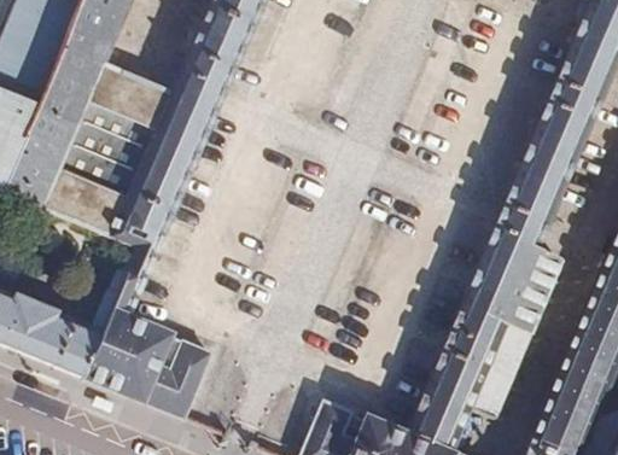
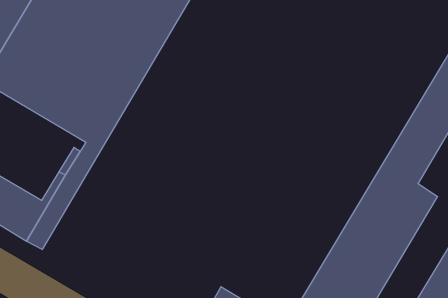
building: [104,320,215,420] -> none

